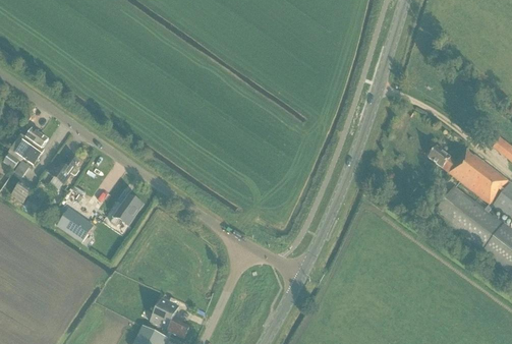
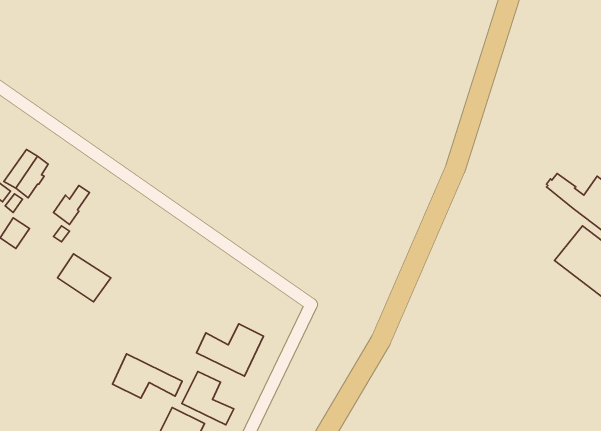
building: [110,193,143,225] -> none
building: none -> [196,324,263,376]
building: none -> [112,354,182,398]

